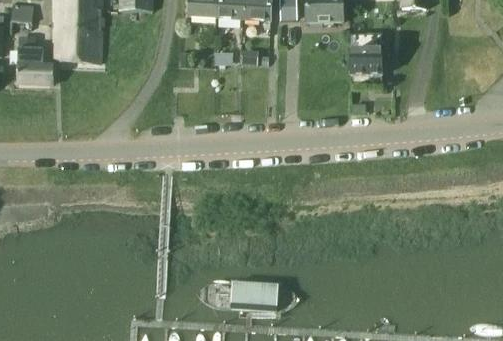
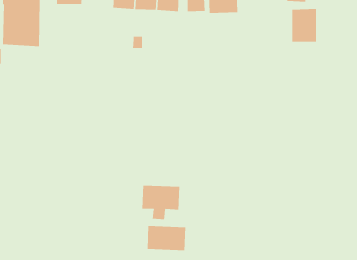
building: [351,33,382,74] -> [291,9,317,42]
building: none -> [142,185,180,220]

